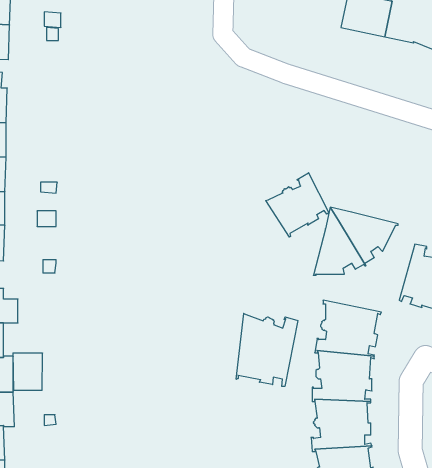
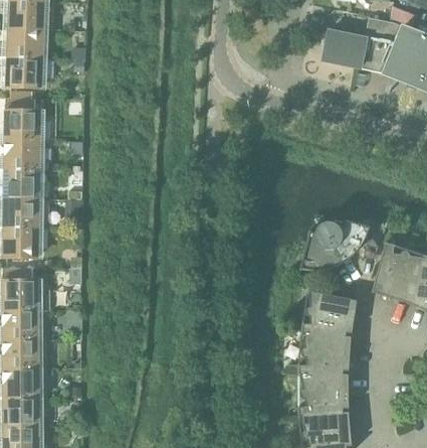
building: [266,173,329,237] -> none
building: [236,313,298,386] -> none
building: [13,353,42,391] -> none

